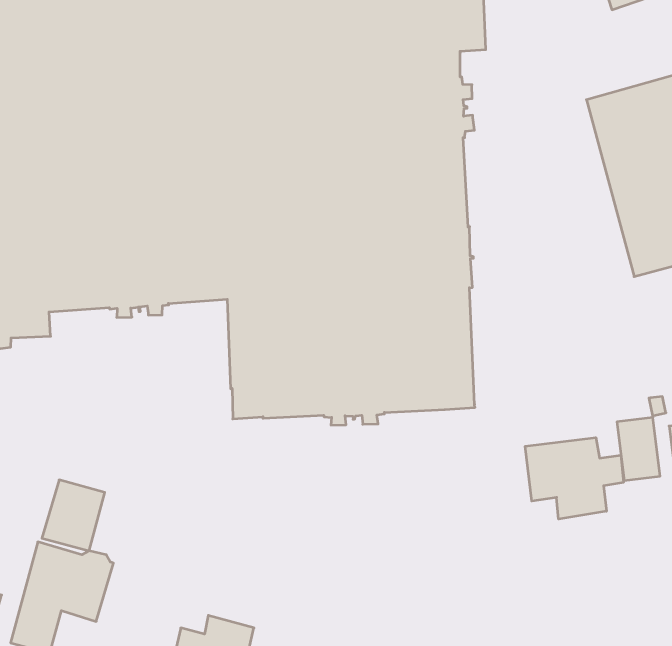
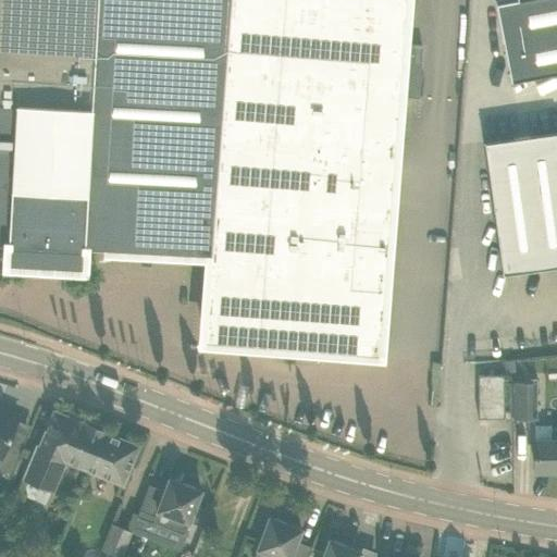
building: [525,438,623,519] -> none
building: [42,480,105,551] -> [89,433,138,486]

